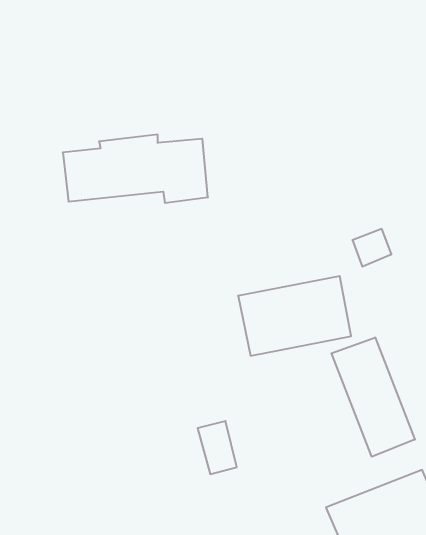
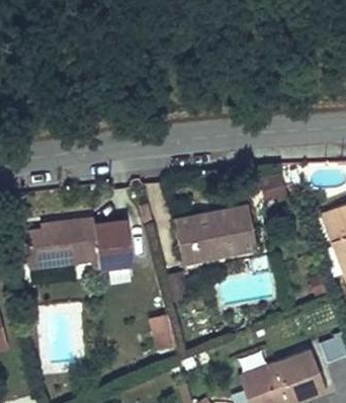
building: [63,135,208,203] -> [26,220,132,269]
building: [331,337,415,457] -> none

